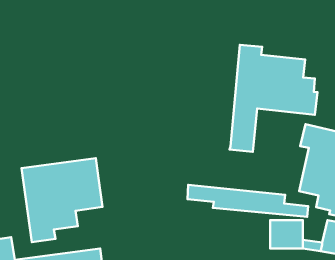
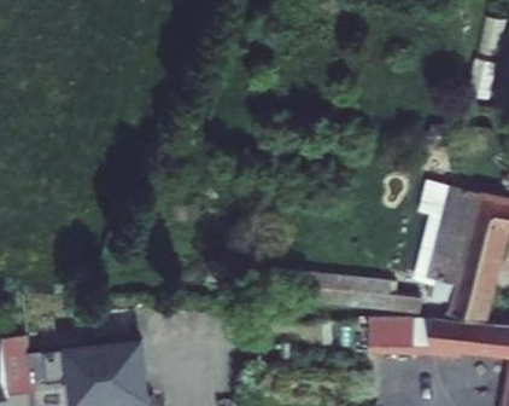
building: [229,45,318,152] -> none
building: [21,158,102,242] -> none

